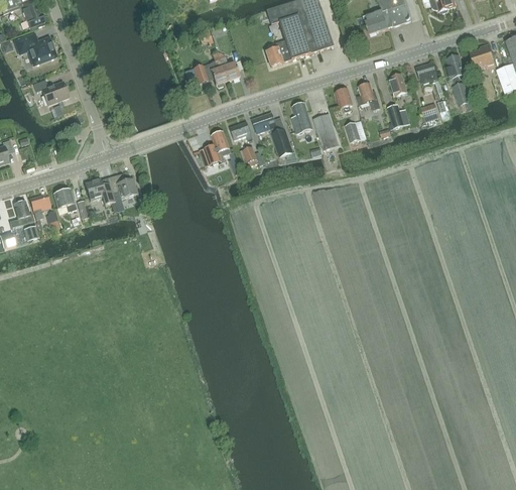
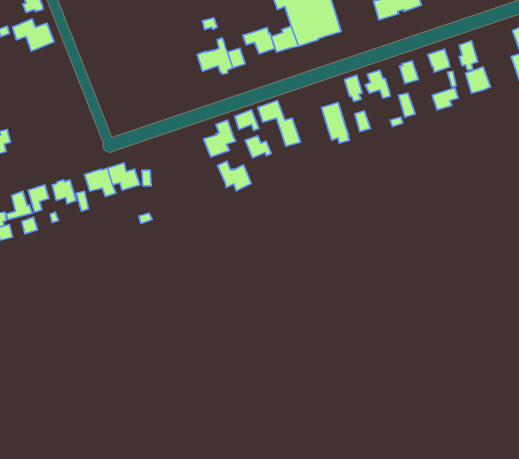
building: none -> [243,28,275,54]
building: [469,43,495,69] -> none
building: [32,79,68,104] -> none
building: [290,102,309,133] -> none
building: none -> [217,161,251,191]

